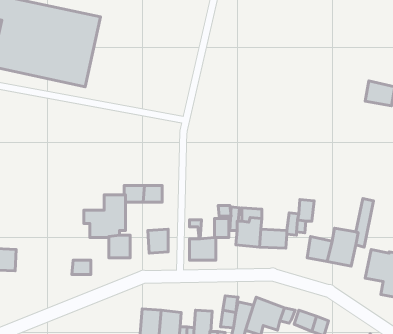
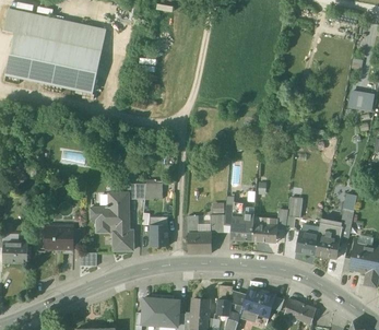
building: none -> [46,228,74,249]

